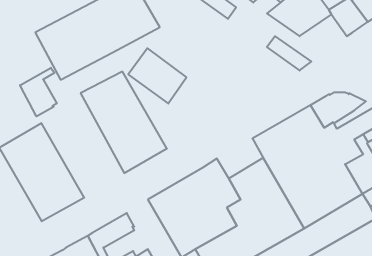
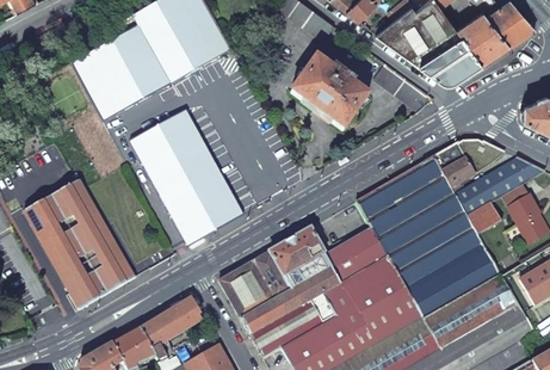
building: none -> [418,37,480,82]
building: [128,48,186,104] -> [290,58,366,131]
building: [20,68,57,116] -> none

